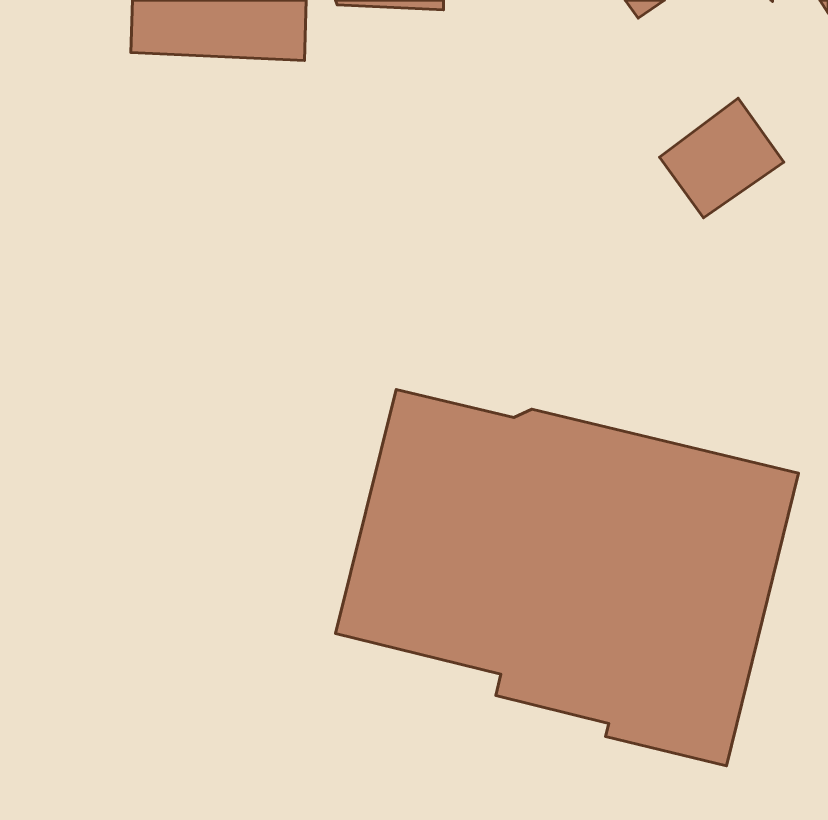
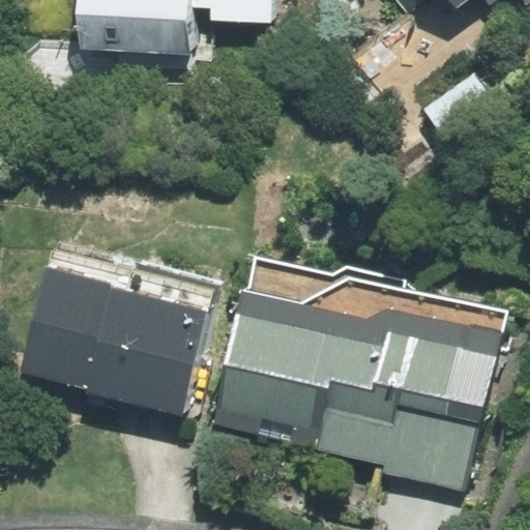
building: none -> [23,261,215,415]

